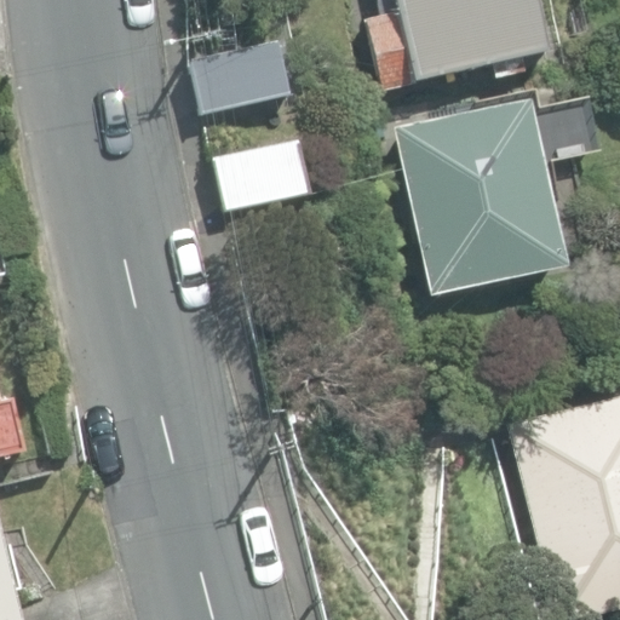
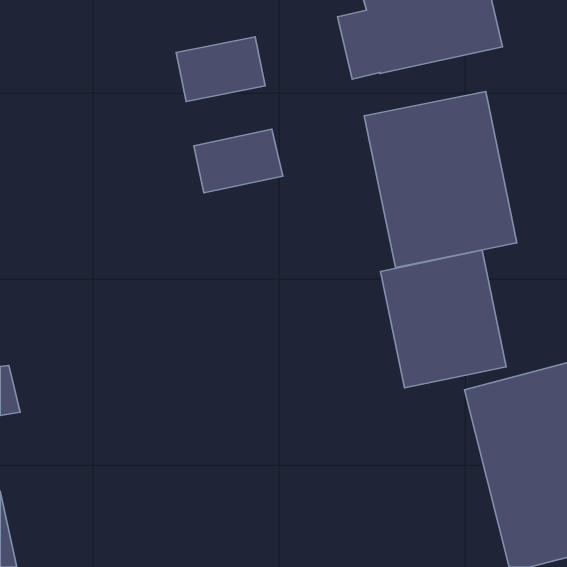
building: none -> [381,250,506,388]

